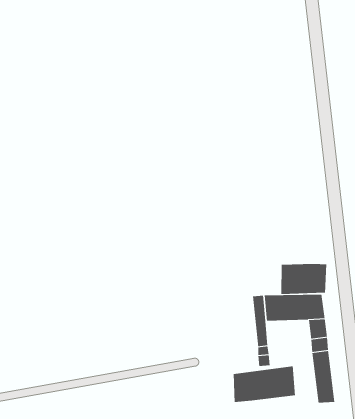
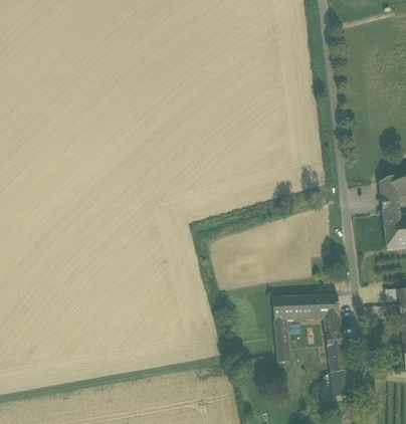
building: [281,263,327,295] -> none
building: [233,366,295,403] -> none

